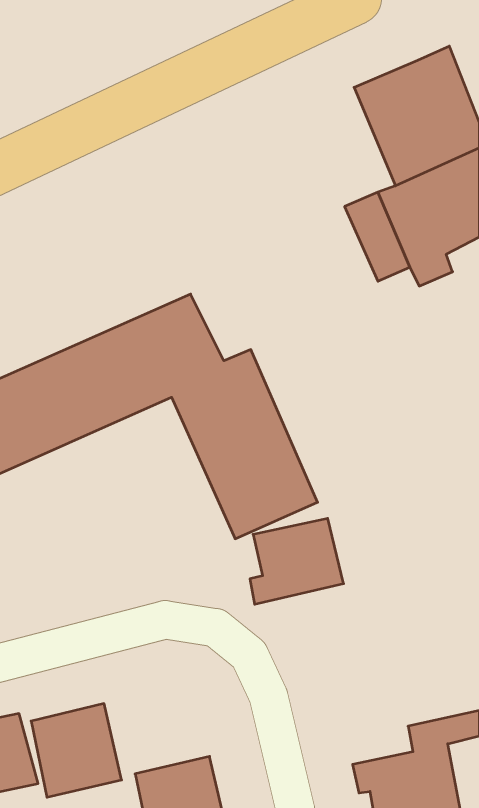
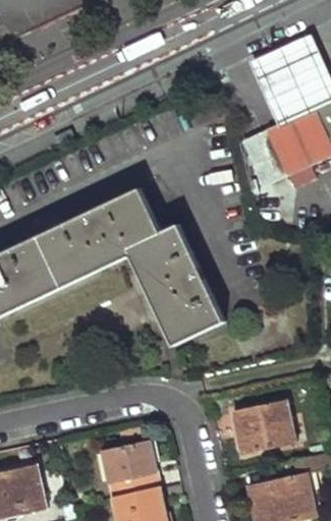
building: [250,518,344,604] -> [235,408,295,463]
building: [31,704,122,797] -> [98,438,156,498]

